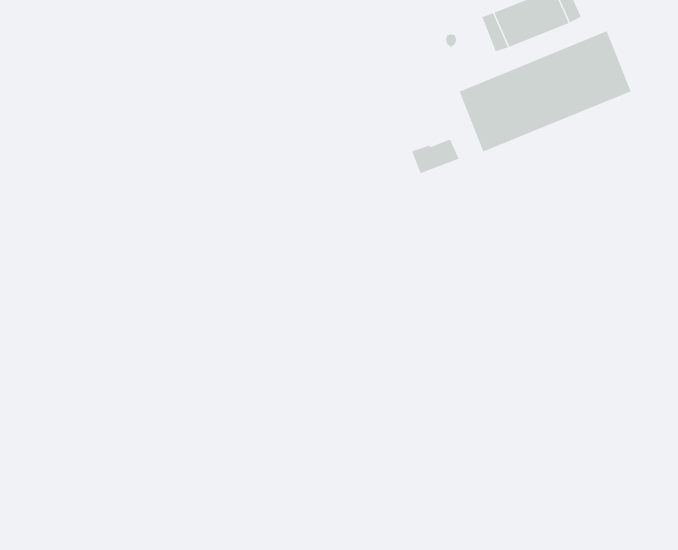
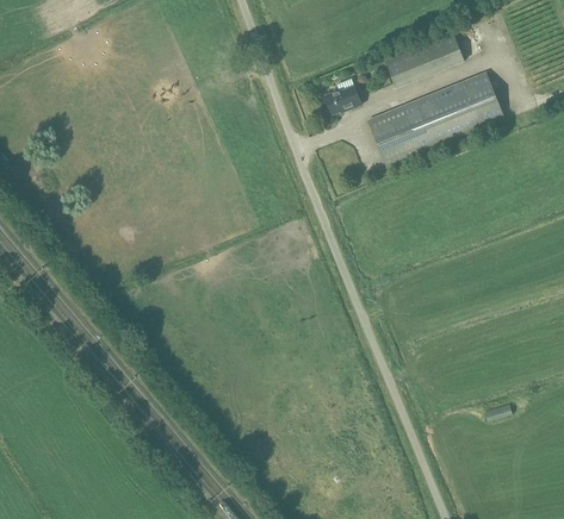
building: [411,139,460,174] -> [323,83,361,111]

